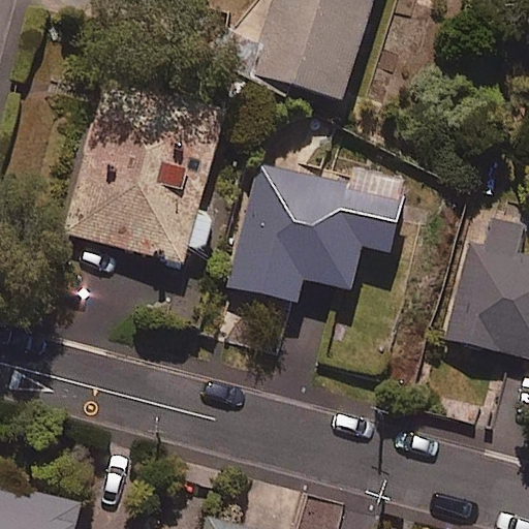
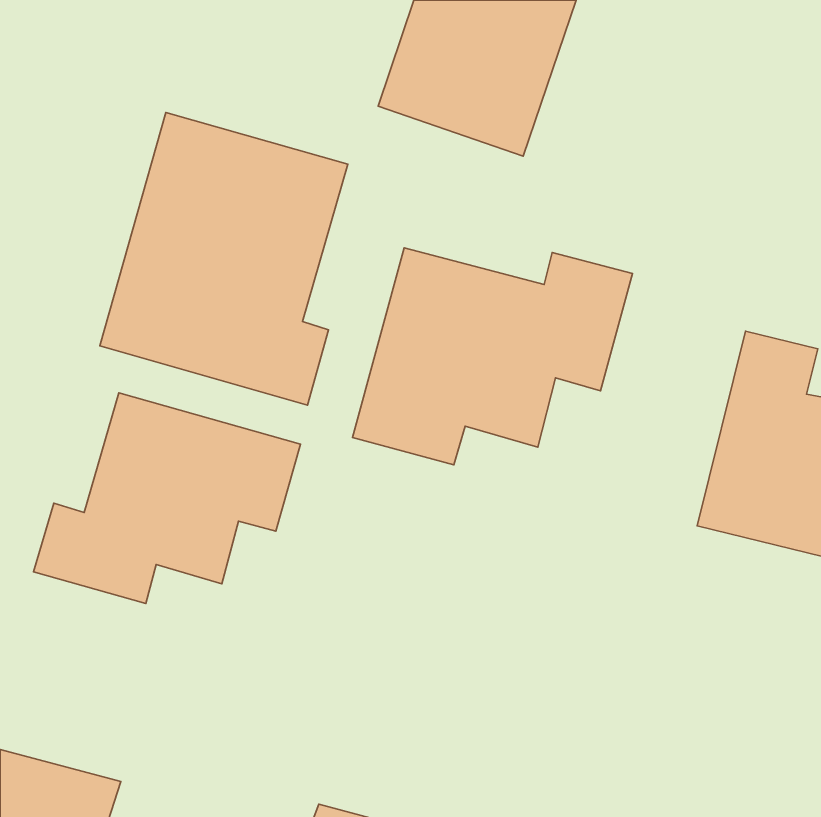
building: none -> [33,393,300,603]

